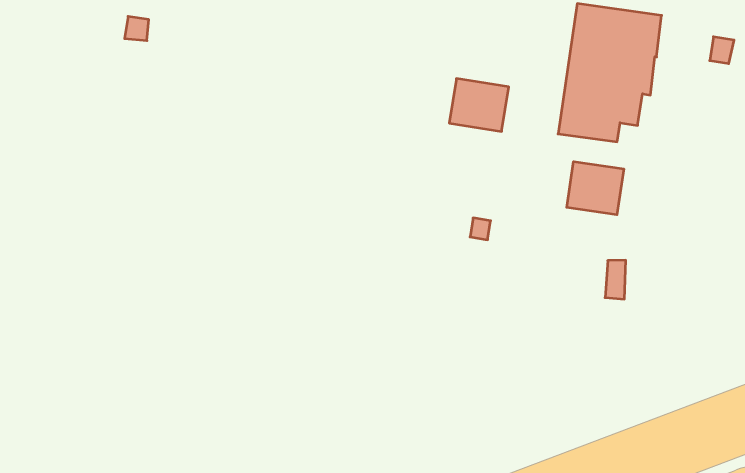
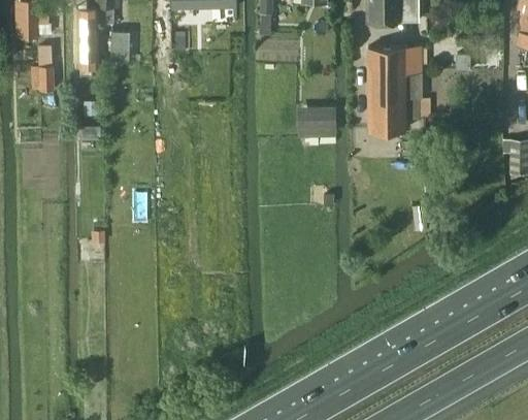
building: [567,162,624,215] -> none

